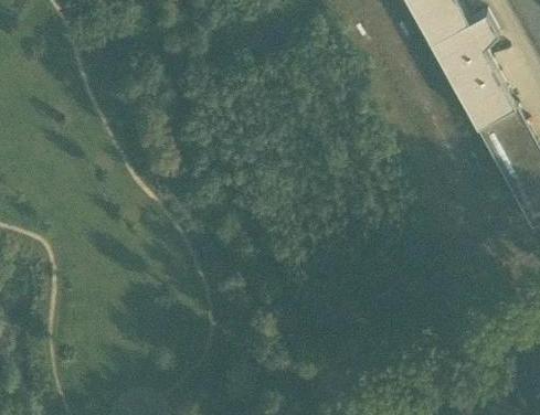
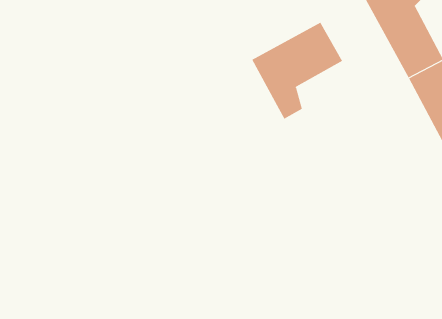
building: none -> [252,22,343,119]

